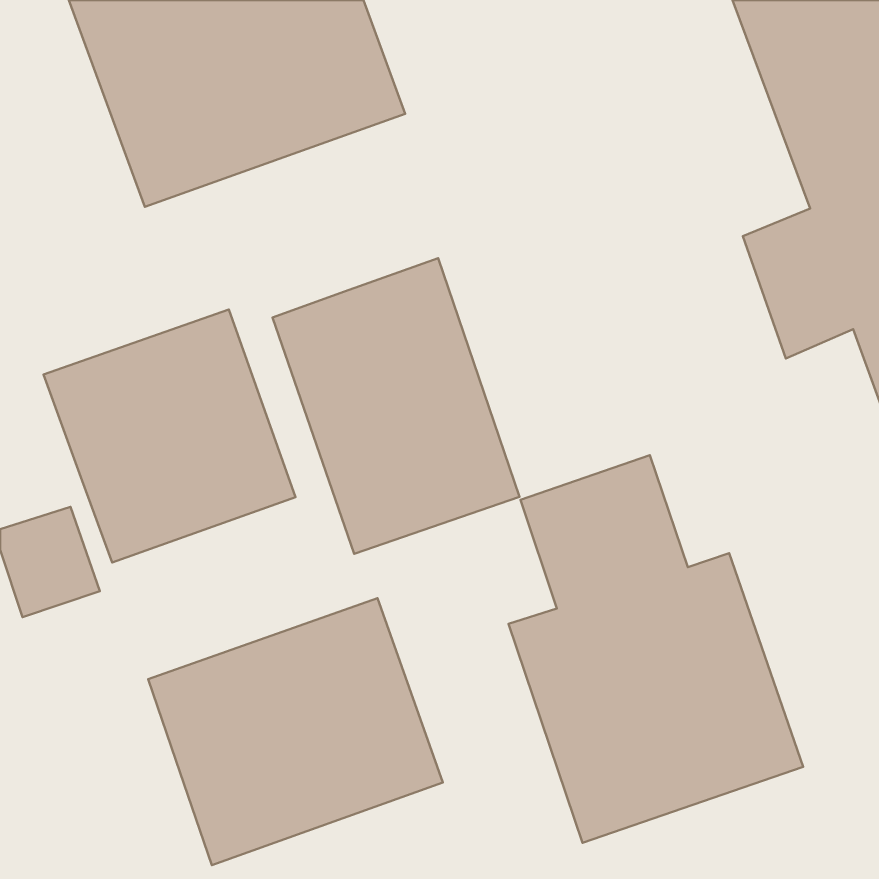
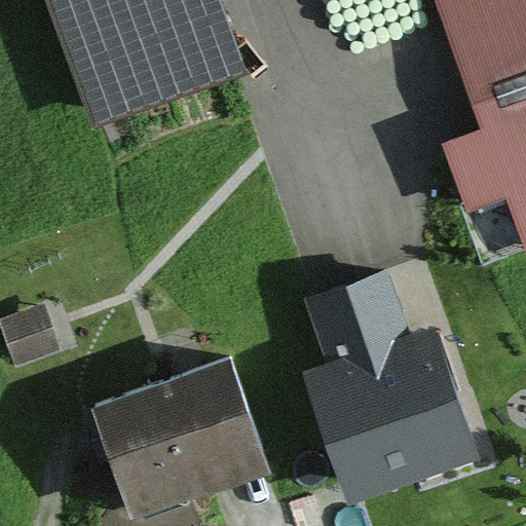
building: [272,258,520,554] -> none
building: [44,310,295,563] -> none

